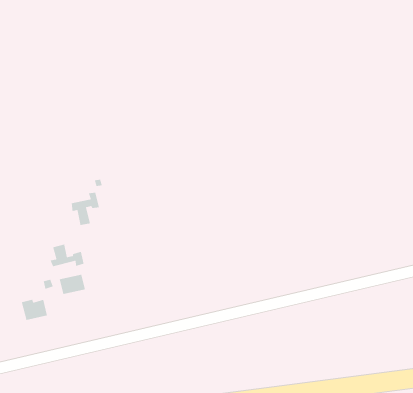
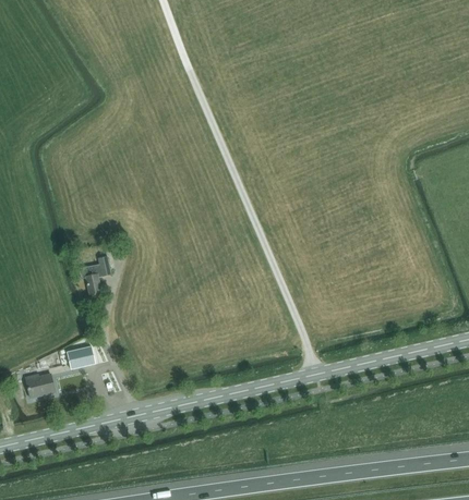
building: [50,243,84,267] -> none

